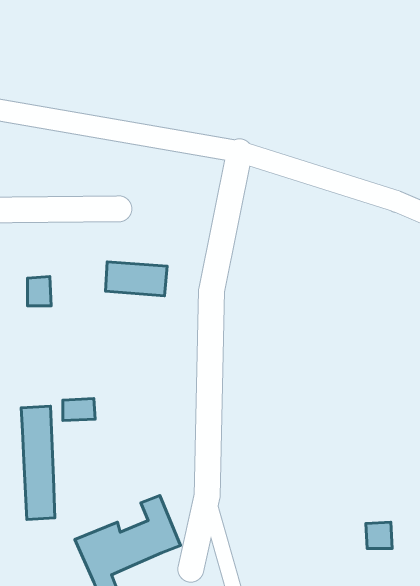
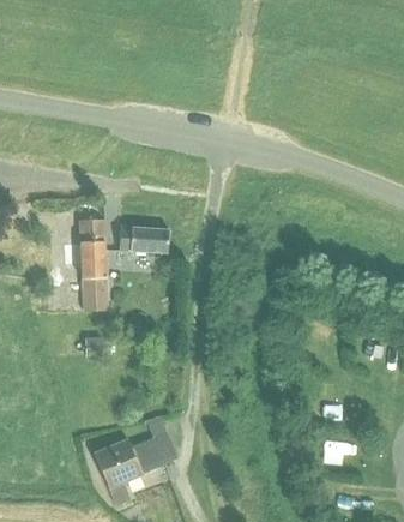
building: [21,406,55,519] -> [79,218,107,311]

